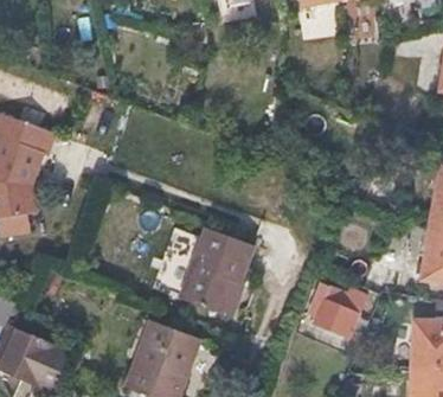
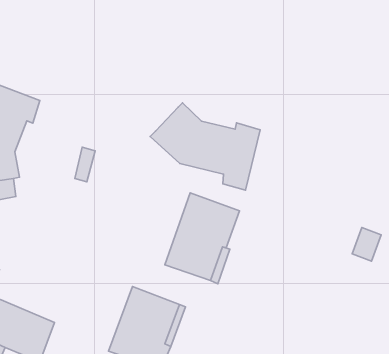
building: none -> [150,103,260,190]
building: [309,284,366,342] -> none

